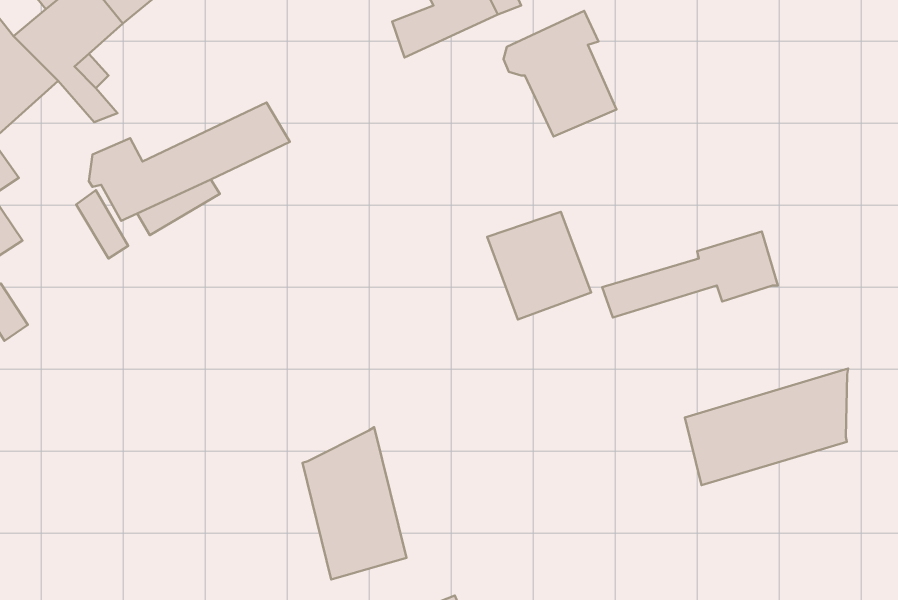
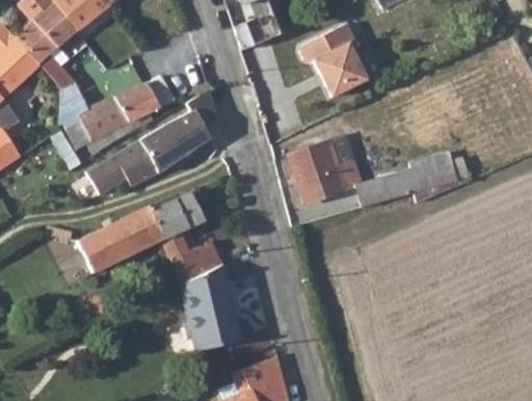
building: none -> [88,90,218,194]
building: none -> [78,191,220,285]
building: [685,369,848,485] -> none

